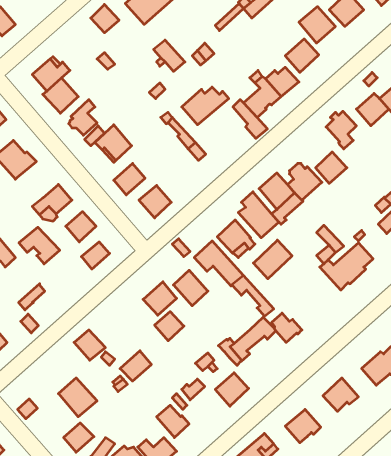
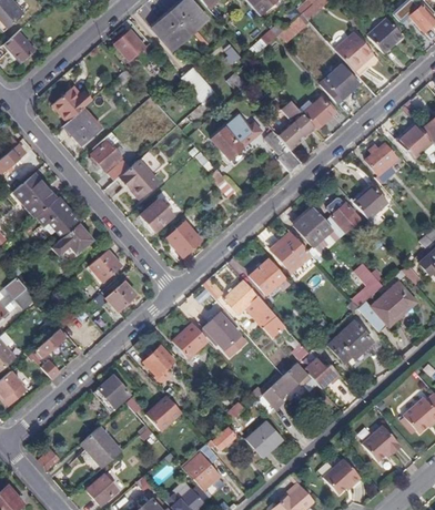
building: [19,227,60,264] -> [38,196,81,235]
building: [253,240,292,279] -> [328,320,370,361]
building: [155,312,184,341] -> [143,346,174,377]

